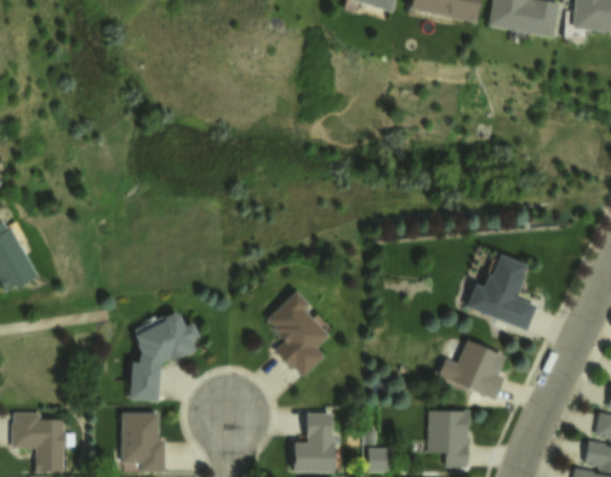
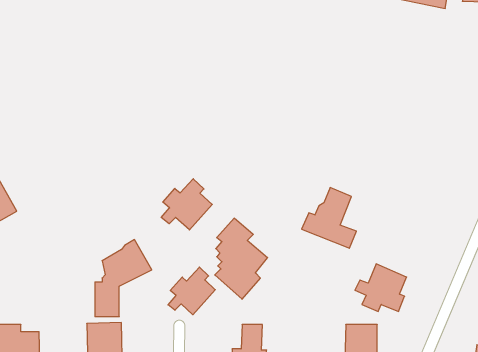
building: none -> [161,179,212,230]
building: [467,255,532,328] -> [302,188,356,248]
building: none -> [168,267,215,315]

